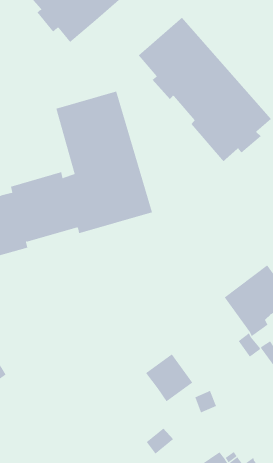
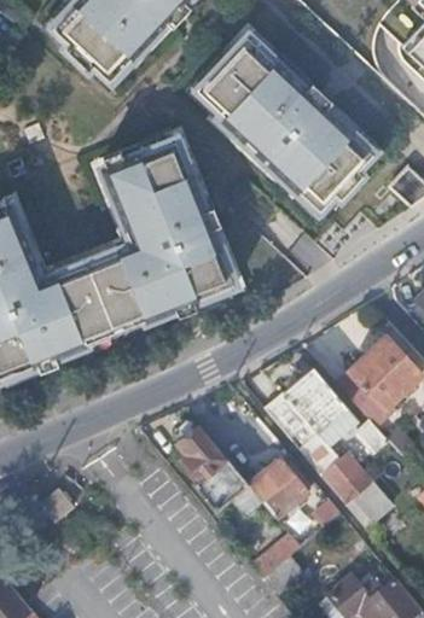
building: none -> [263,366,394,540]
building: none -> [180,431,263,517]

